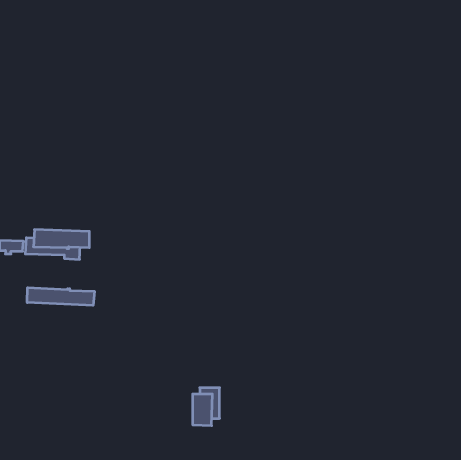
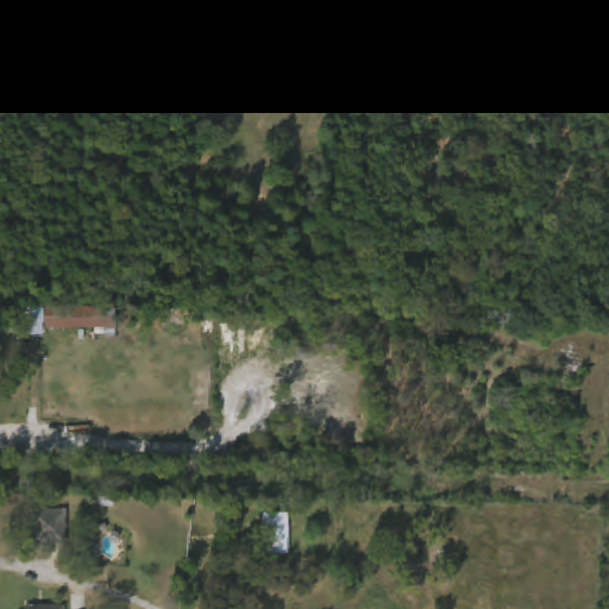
building: [27,288,94,305] -> none
building: none -> [30,503,67,541]

